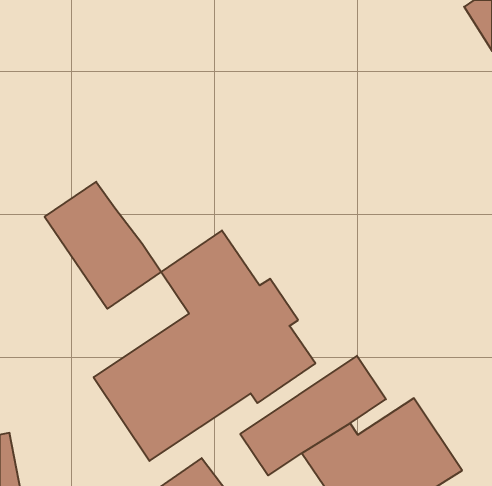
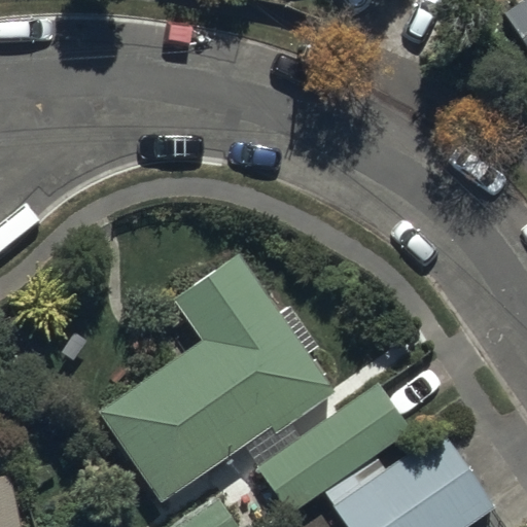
building: [45,182,161,309] -> none

